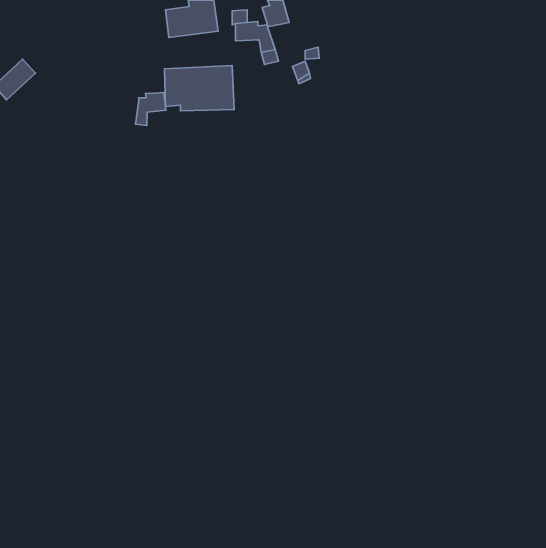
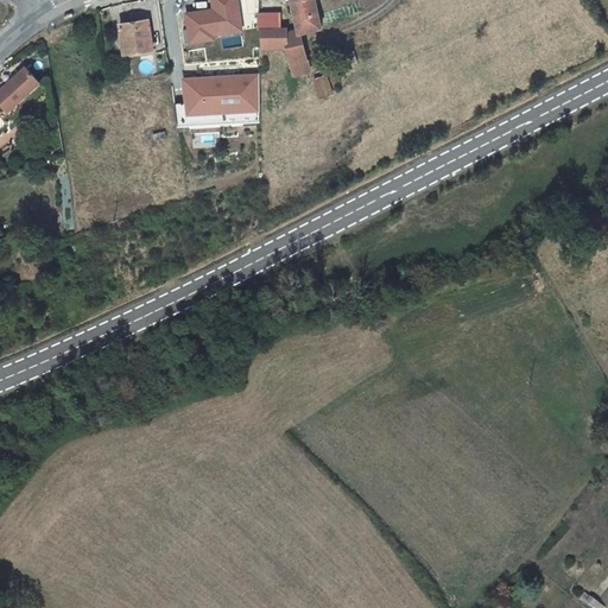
building: none -> [125,23,156,52]
building: [136,93,166,126] -> none

